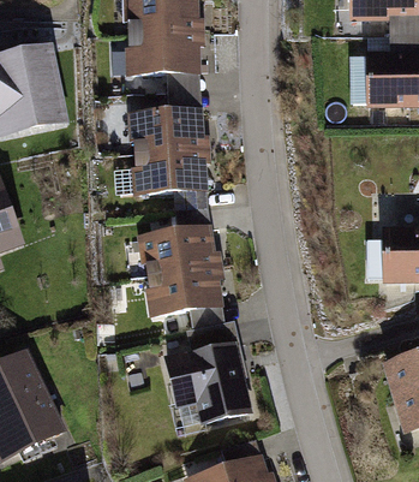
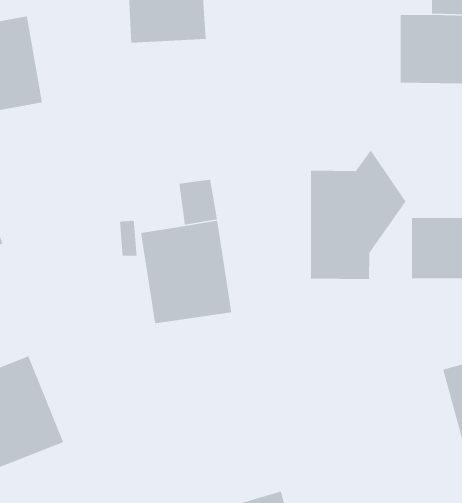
building: [132,109,204,194] -> none
building: none -> [310,149,407,280]
building: [161,321,250,422] -> none

